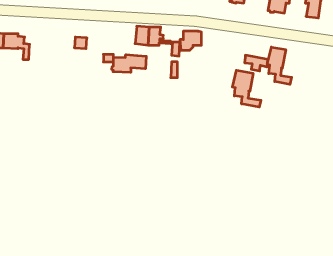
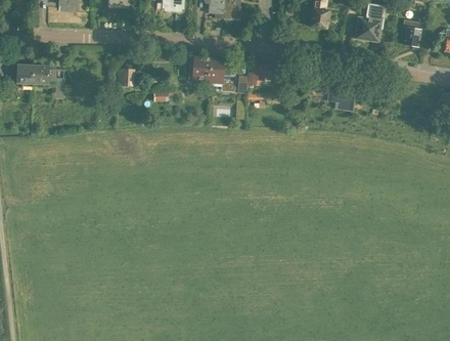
building: [267,47,292,84] -> none
building: [112,55,146,72] -> none
building: [232,70,261,107] -> none

